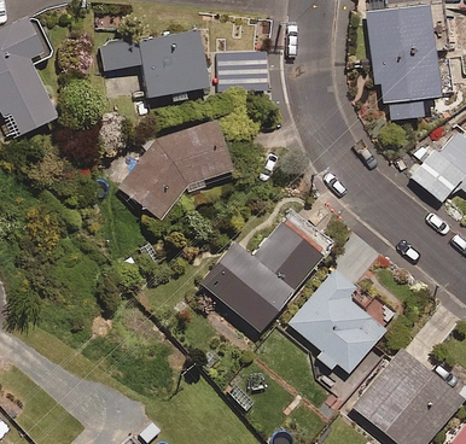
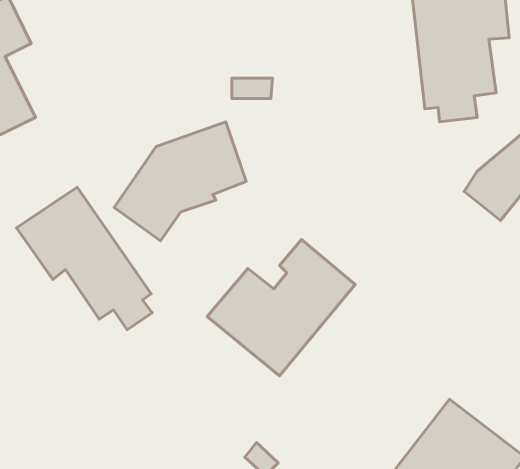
building: [103,33,208,99] -> none
building: none -> [16,187,152,330]
building: [290,271,397,373] -> none

